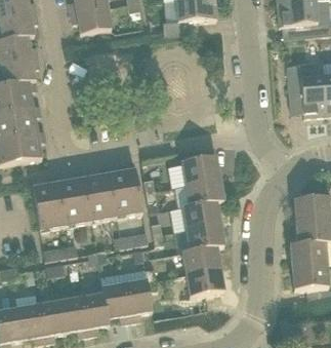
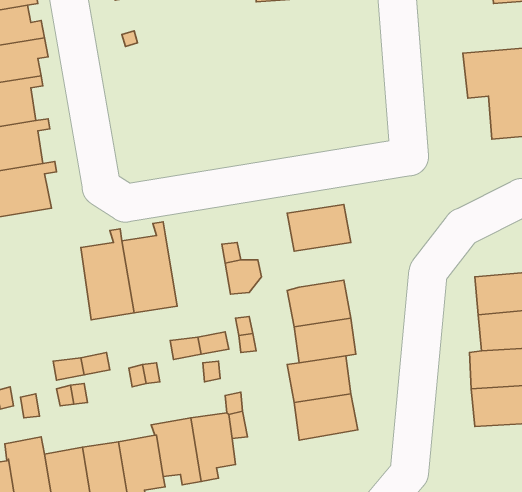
building: [110,162,142,217] -> none
building: [33,176,66,230] -> none
building: [187,179,223,205] -> none

